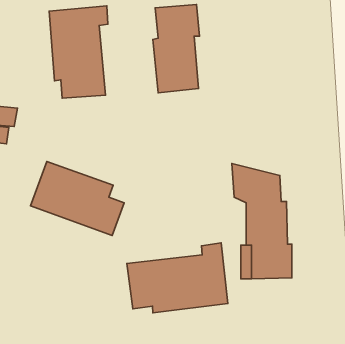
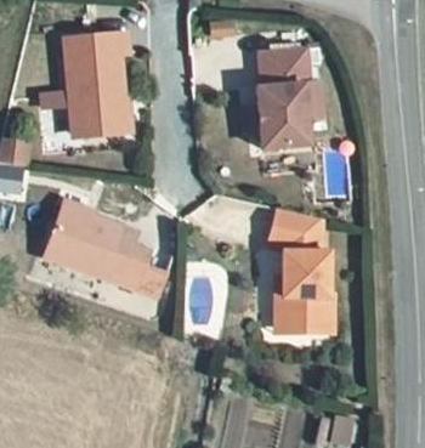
building: [153,5,200,93] -> [257,49,310,147]
building: [127,243,228,313] -> none

